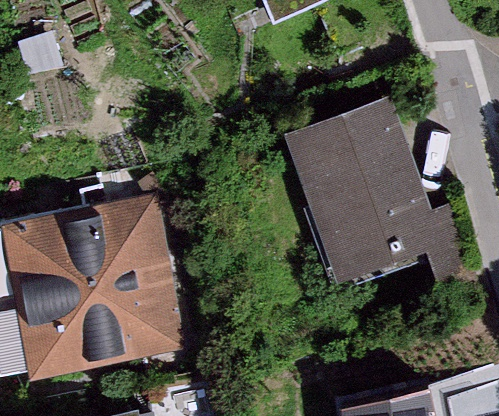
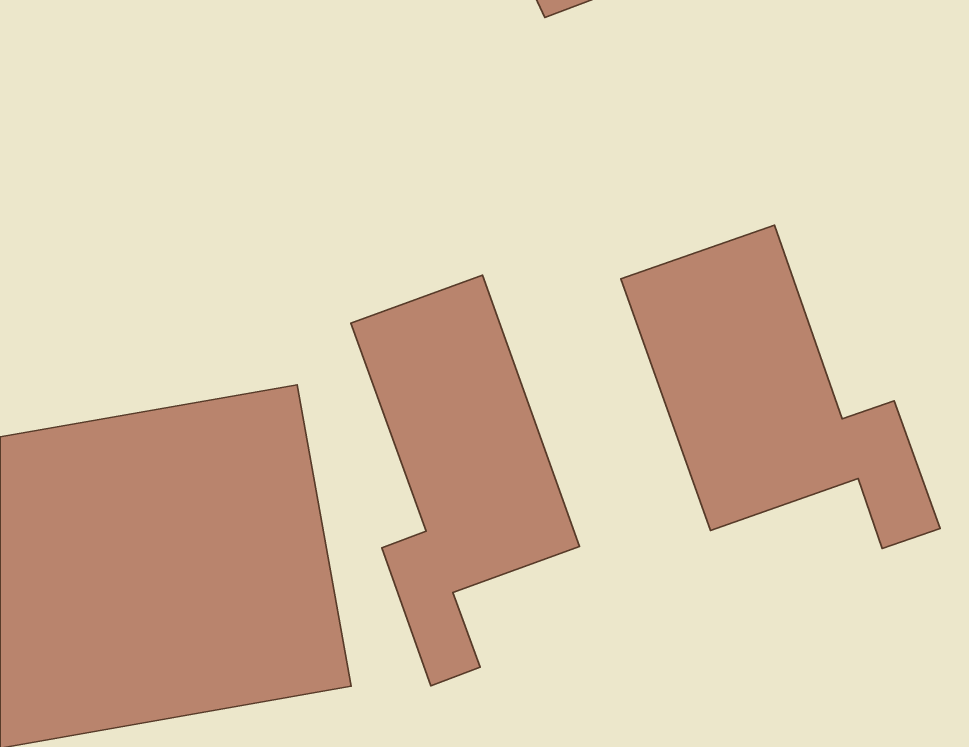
building: none -> [351,275,579,686]

